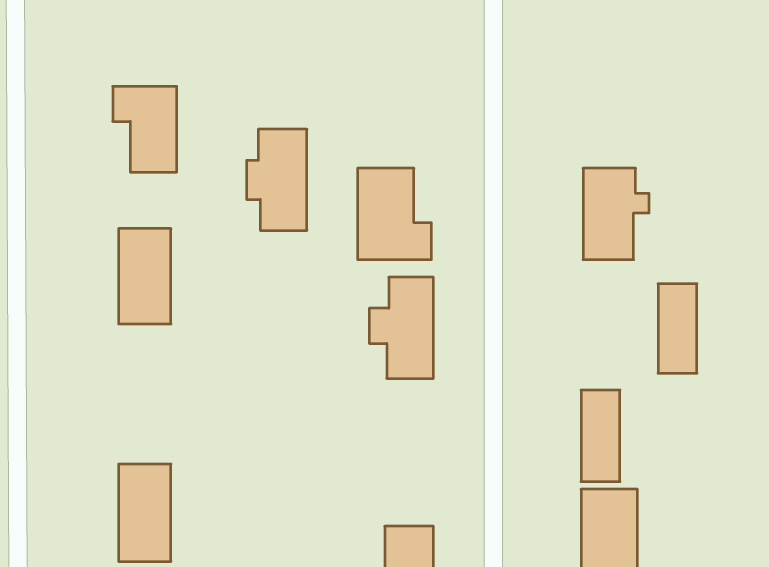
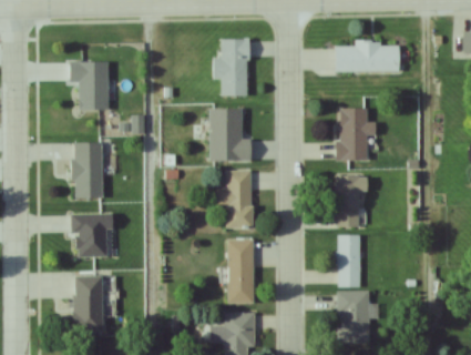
building: none -> [335,42,400,72]
building: [247,129,307,230] -> [214,39,248,97]
building: [658,284,697,373] -> [337,175,359,226]
building: none -> [72,212,112,257]
building: none -> [228,239,253,303]

